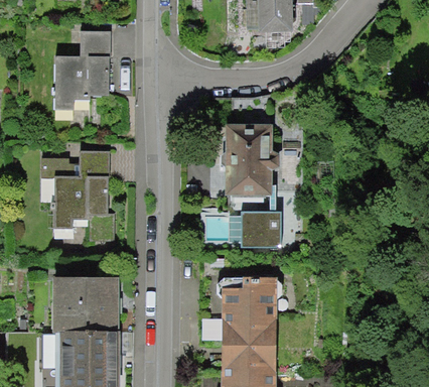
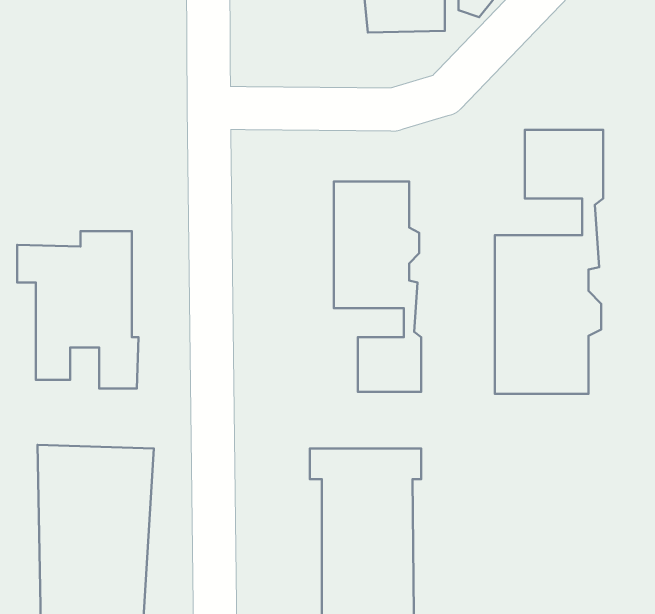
building: [51,35,110,115] -> none
building: none -> [495,130,603,394]

